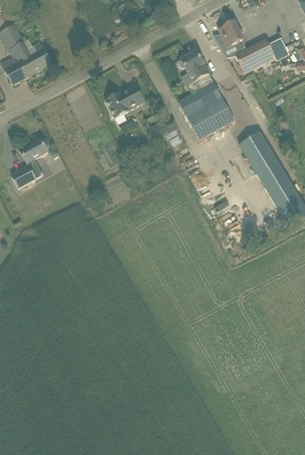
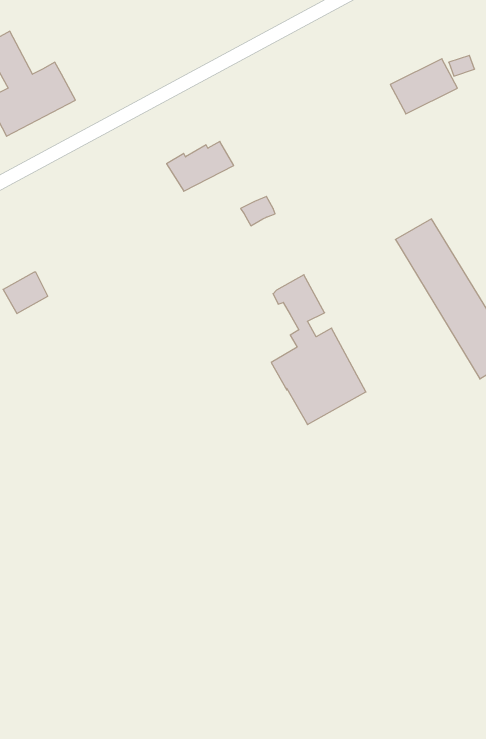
building: [219,21,245,48] -> none
building: [178,50,233,137] -> [271,275,366,425]
building: [19,137,47,177] -> none

